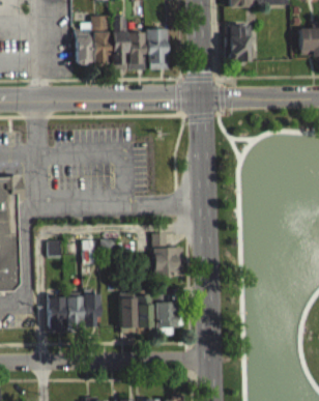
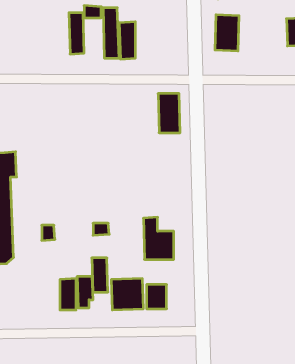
building: [146,29,169,69] -> [158,94,180,133]
building: [92,32,109,65] -> none
building: [48,297,64,333] -> [92,258,108,292]

